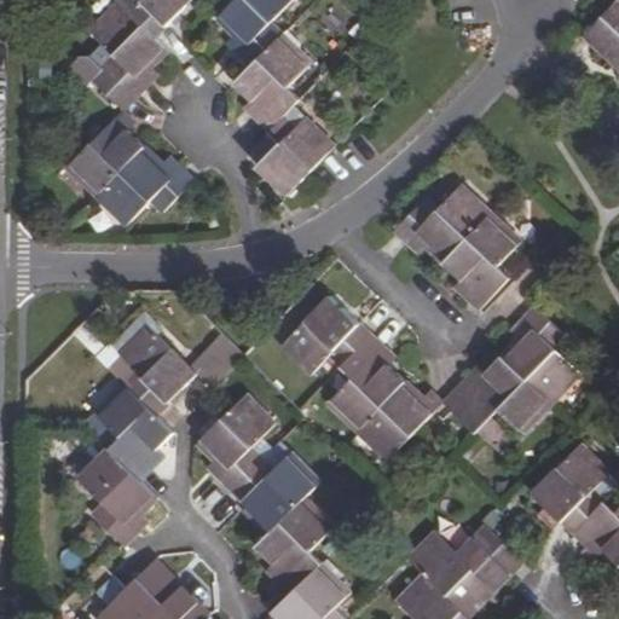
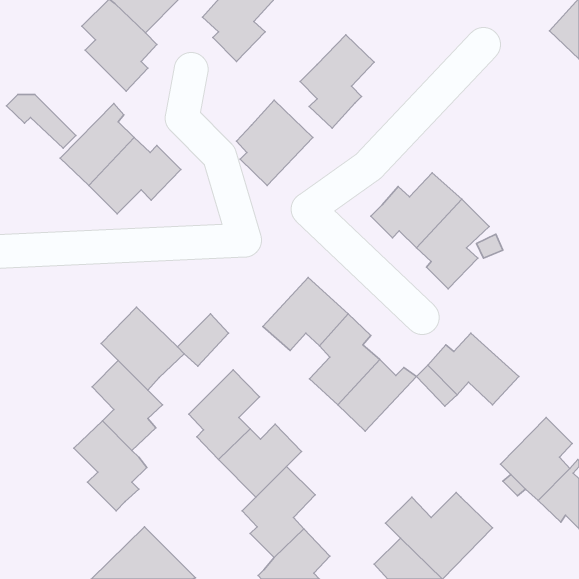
building: [233,34,312,133] -> [300,35,374,128]
building: [60,53,134,110] -> [6,95,76,148]
building: [501,306,579,400] -> none

